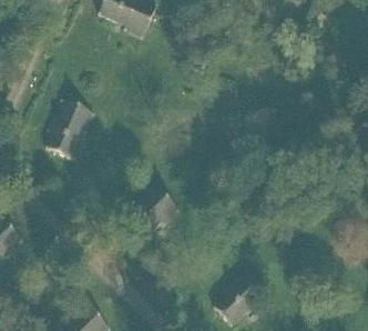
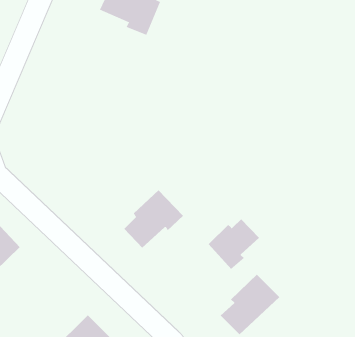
building: [47,99,91,157] -> none
building: none -> [208,218,260,270]

